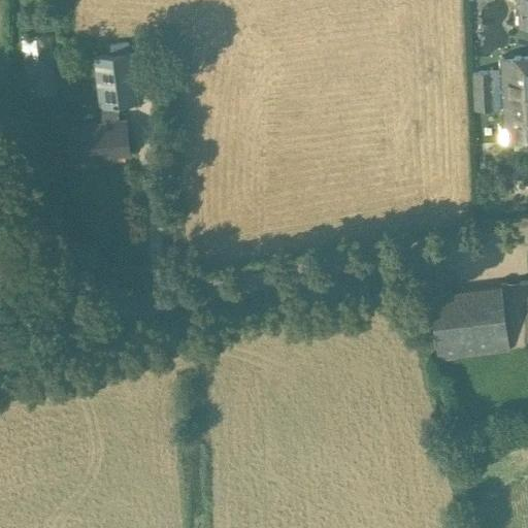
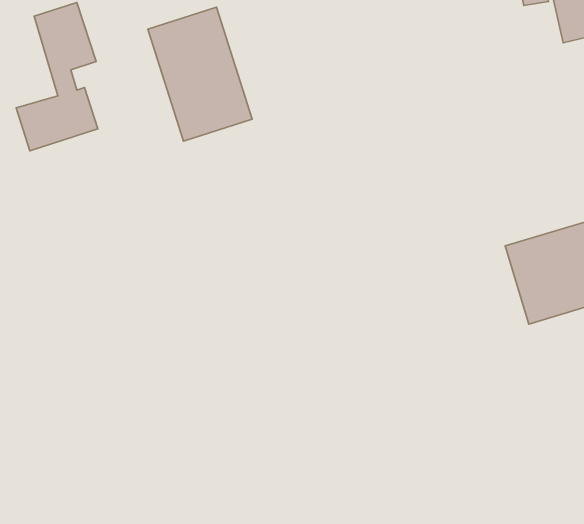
building: none -> [148,7,252,141]

